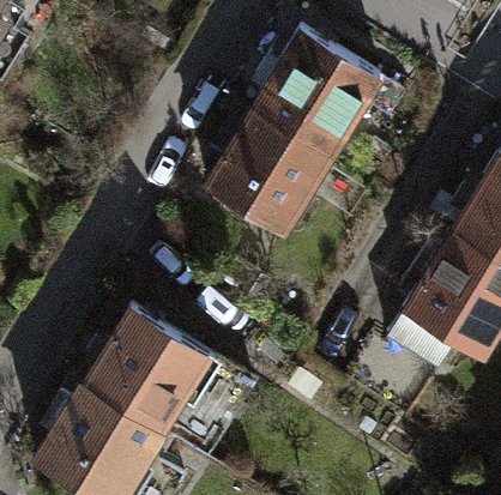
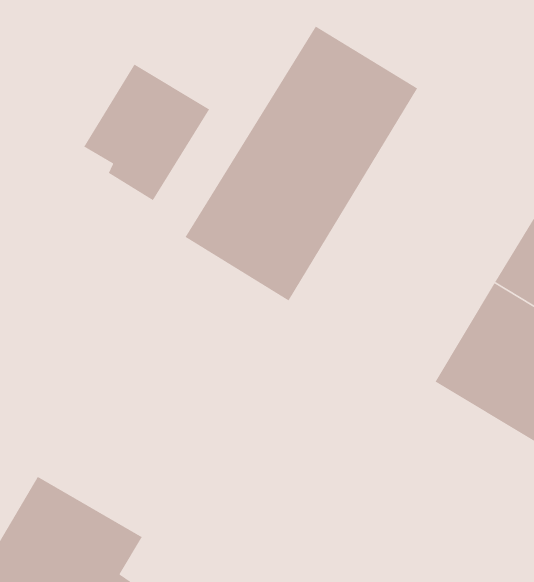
building: none -> [83,64,210,201]
building: [79,309,218,434] -> none

